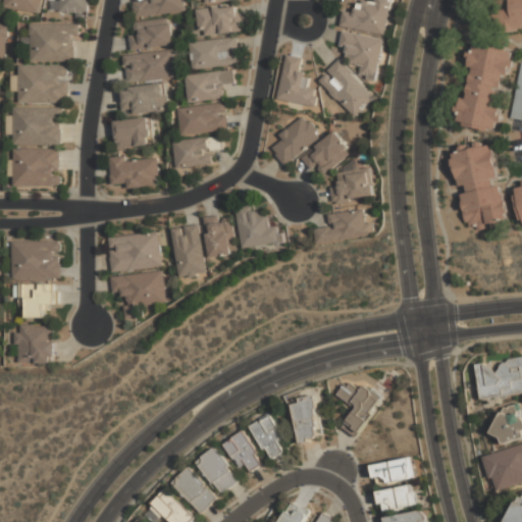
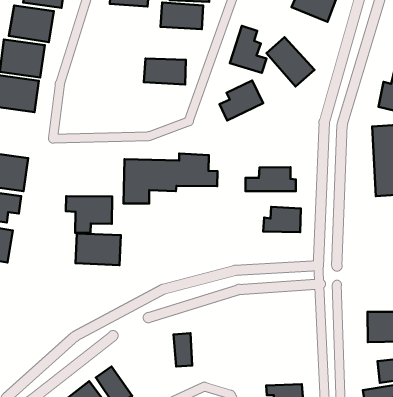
building: [336,31,381,77] -> none
building: [120,51,172,84] -> none
building: [182,69,233,102] -> none
building: [116,85,165,115] -> none
building: [110,117,152,150] -> none
building: [301,132,351,178] -> none
building: [172,135,222,167] -> none
building: [108,156,157,187] -> none
building: [328,169,372,202] -> [263,207,301,232]
building: [106,232,160,272] -> [75,233,121,265]
building: [336,380,380,436] -> none
building: [290,396,321,441] -> none
building: [223,430,262,473] -> none
building: [195,447,238,492] -> none

